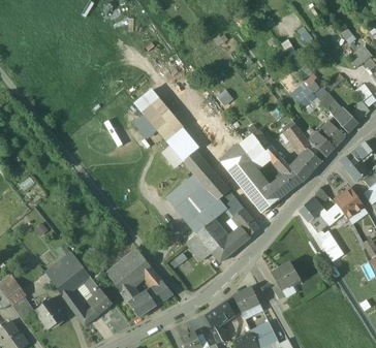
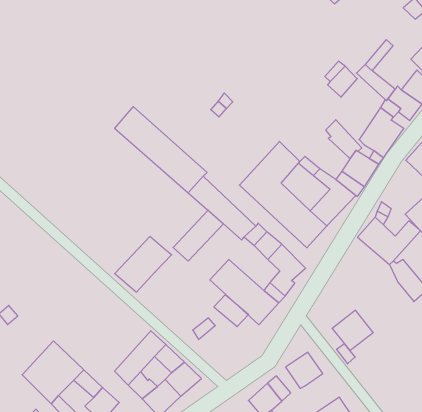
building: [176,186,218,224] -> [115,236,172,292]

